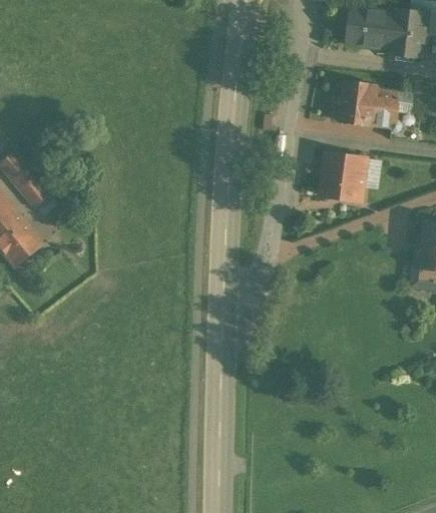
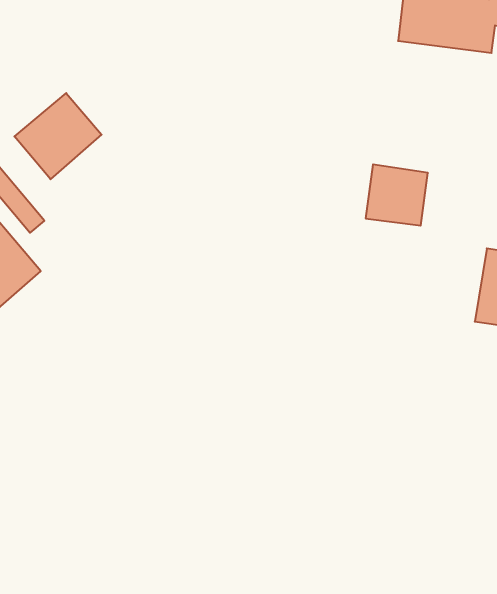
building: [335,75,411,128] -> none
building: none -> [14,93,102,179]

